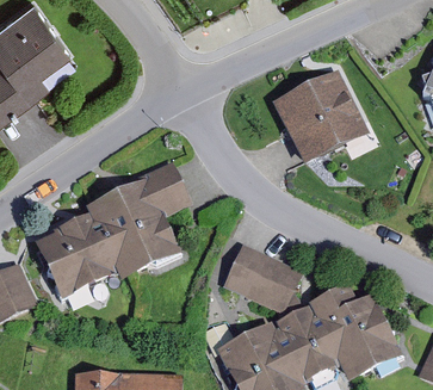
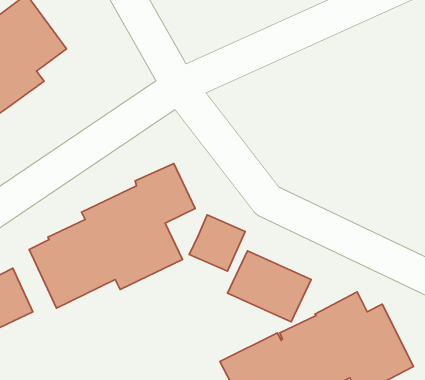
building: [272,73,370,169] -> none
building: none -> [189,215,245,271]

